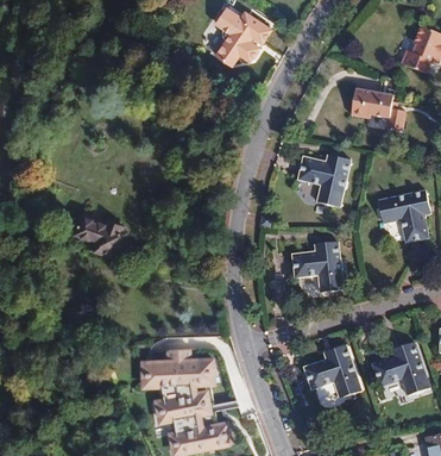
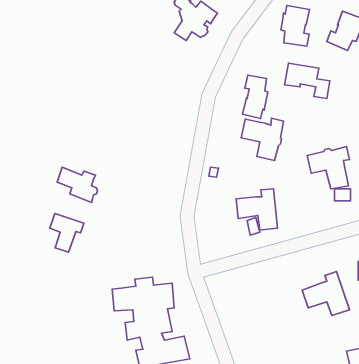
building: none -> [281,5,309,46]
building: none -> [242,75,268,118]
building: none -> [50,213,84,252]
building: [303,345,360,398] -> none

